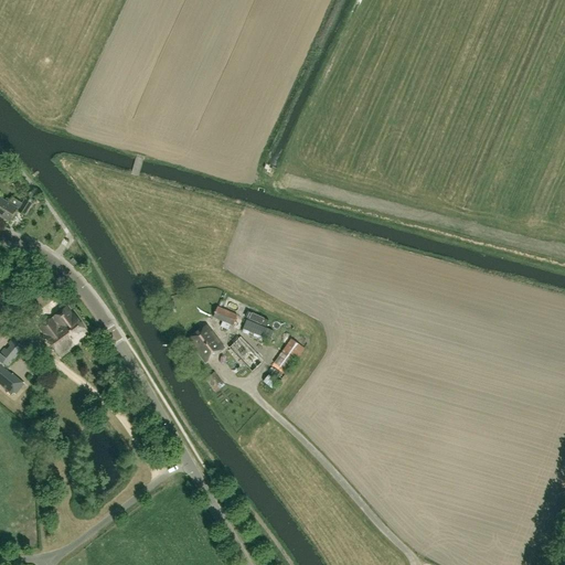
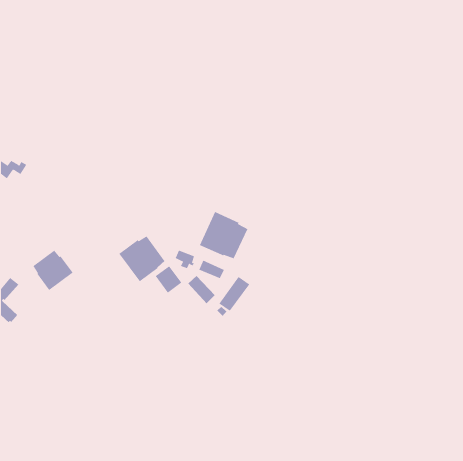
building: none -> [199,211,248,259]
building: none -> [119,235,165,282]

